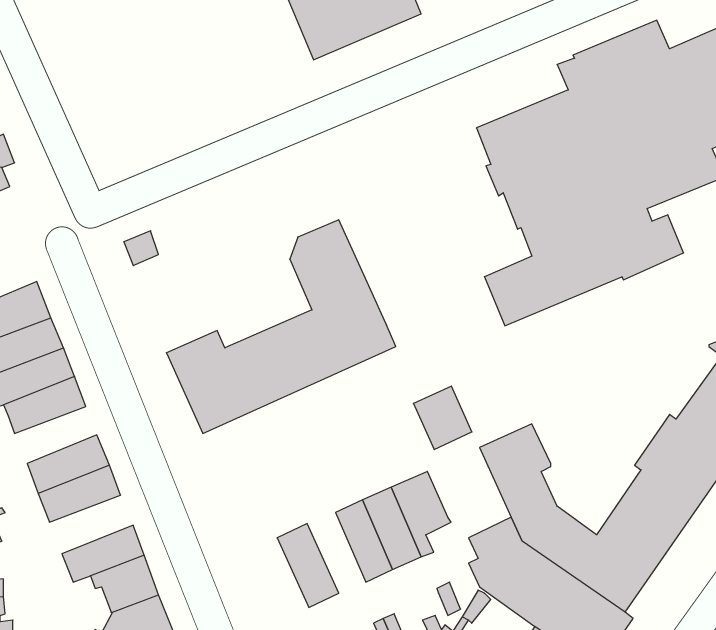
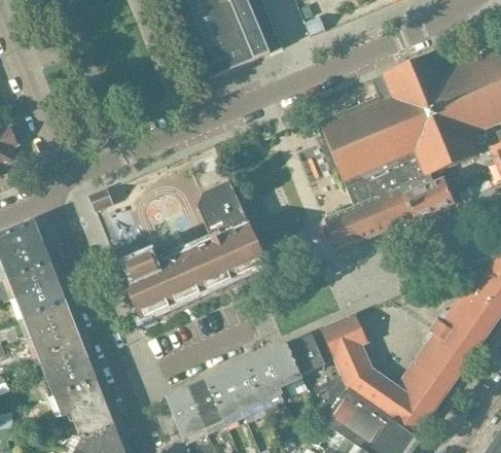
building: [413,386,472,449] -> [288,333,326,374]
building: none -> [20,302,73,339]
building: none -> [42,359,97,397]
building: none -> [210,371,248,423]
building: none -> [170,387,211,443]

